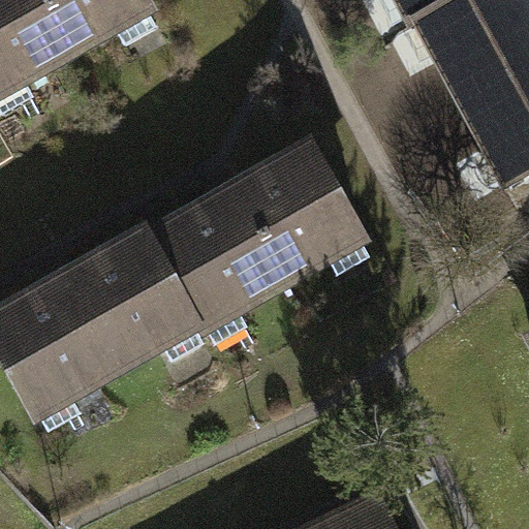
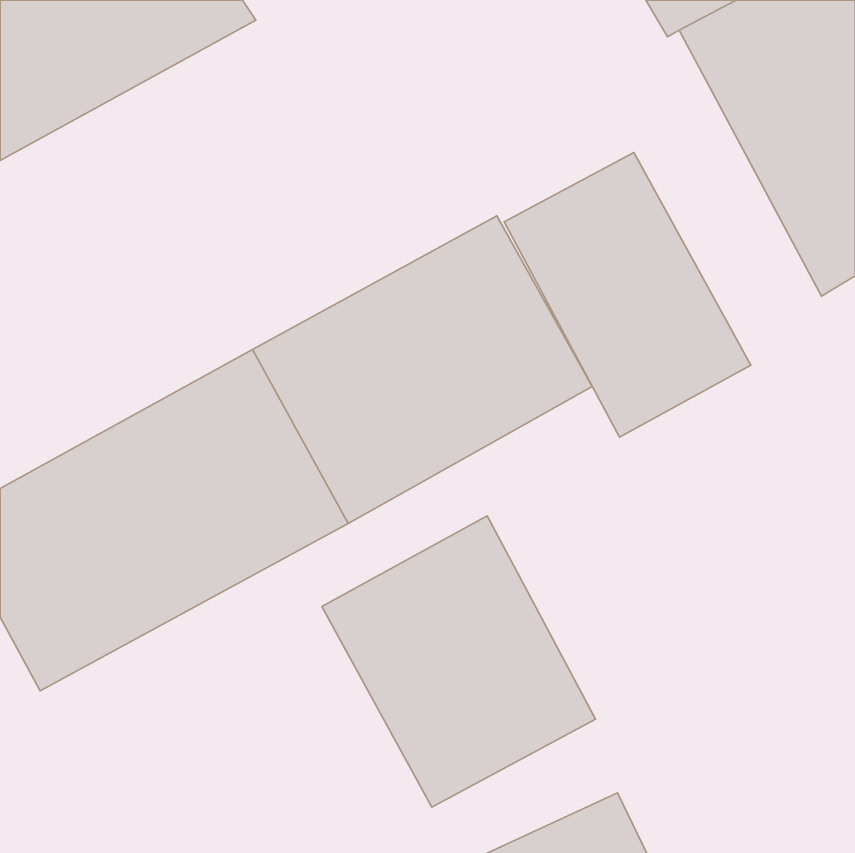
building: none -> [504,152,751,437]
building: none -> [322,516,596,807]

